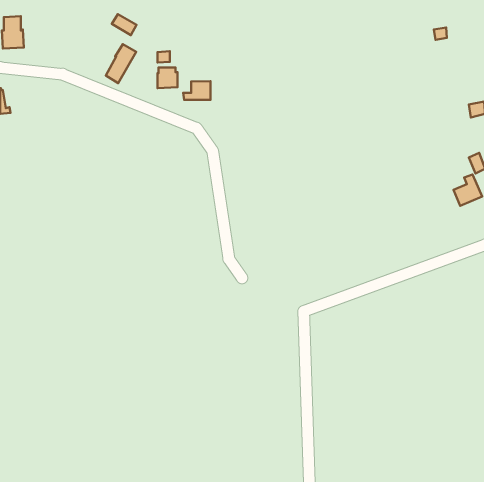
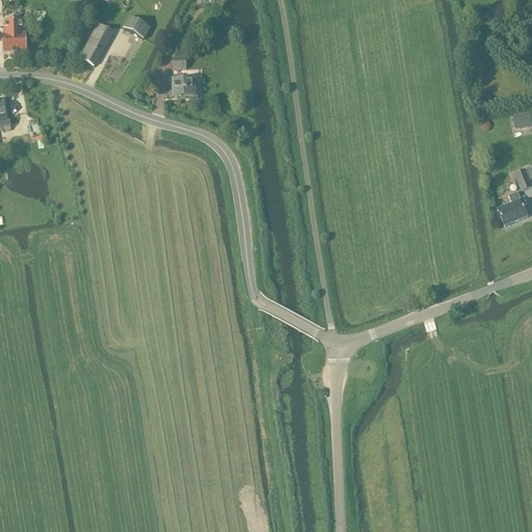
building: [106,44,136,83] -> [81,22,114,64]
building: [183,81,211,100] -> none

